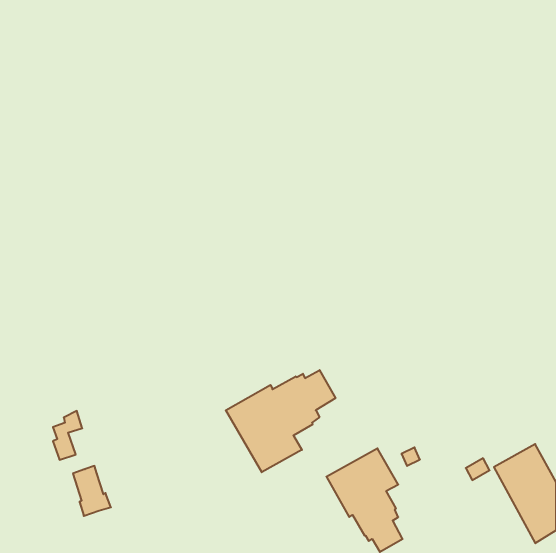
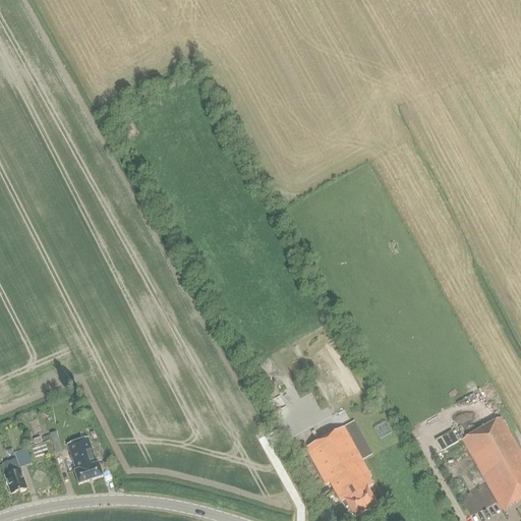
building: [226,370,335,472] -> none
building: [53,411,82,460] -> [5,446,33,491]

